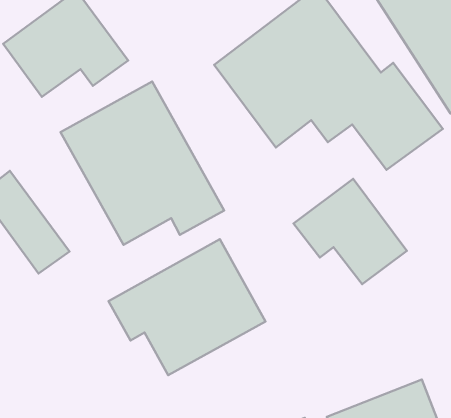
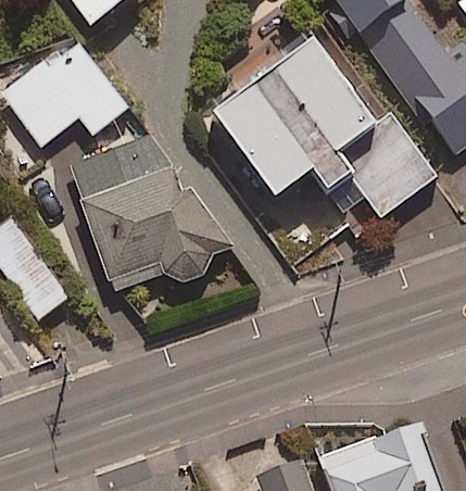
building: [294,179,407,284] -> none
building: [108,239,266,375] -> none

